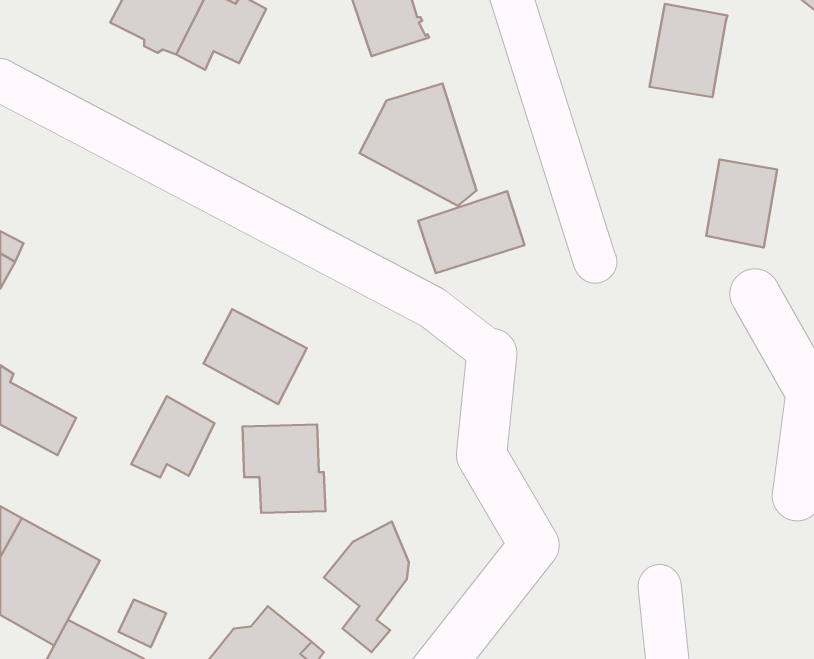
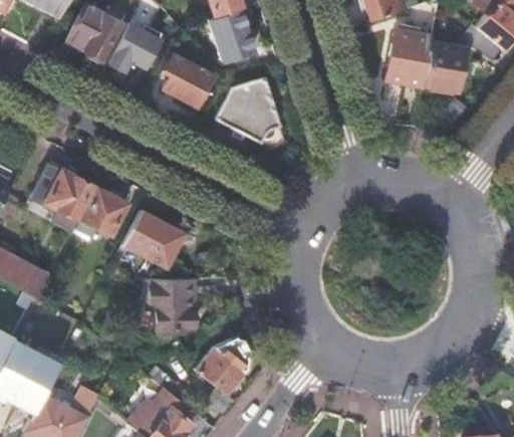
building: none -> [163,56,213,106]
building: [706,159,777,248] -> [425,40,467,92]
building: [418,191,524,273] -> none
building: none -> [26,165,92,230]
building: [131,396,214,478] -> [76,188,125,236]

